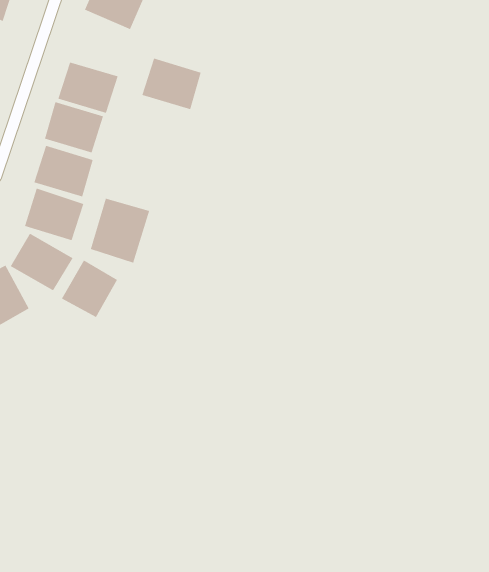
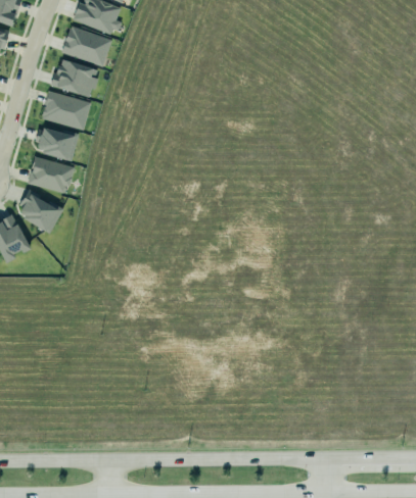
building: [142,58,201,110] -> [61,26,107,65]
building: [90,198,150,263] -> none
building: [61,259,118,318] -> none

